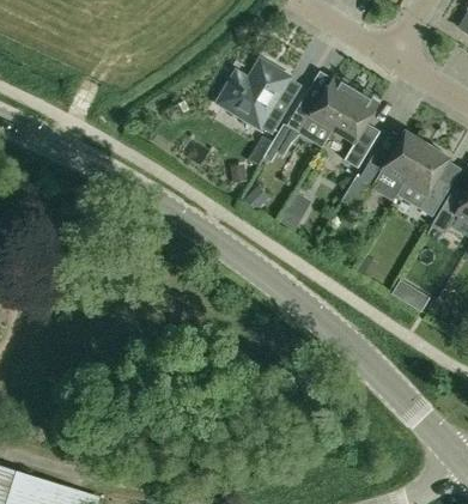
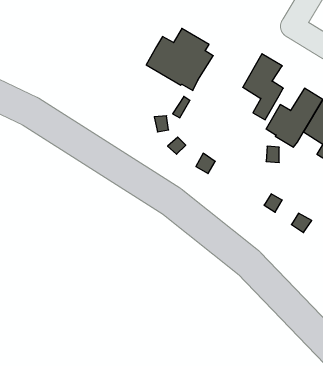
building: [286,77,354,132] -> none

